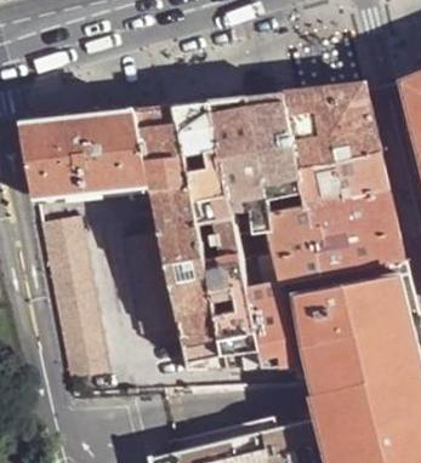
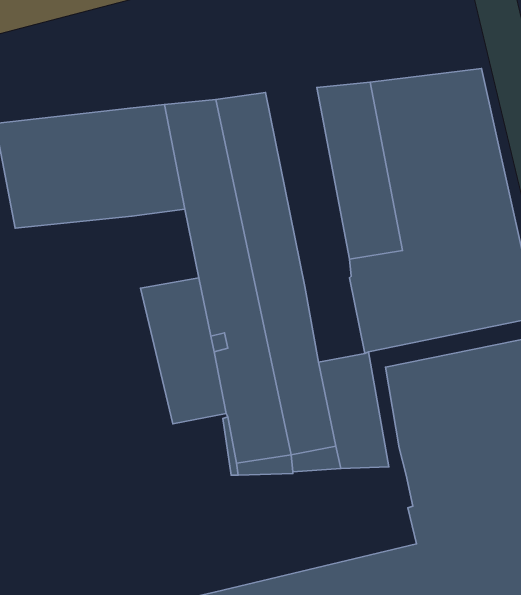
building: [210,97,271,238] -> none
building: [38,216,106,378] -> none

